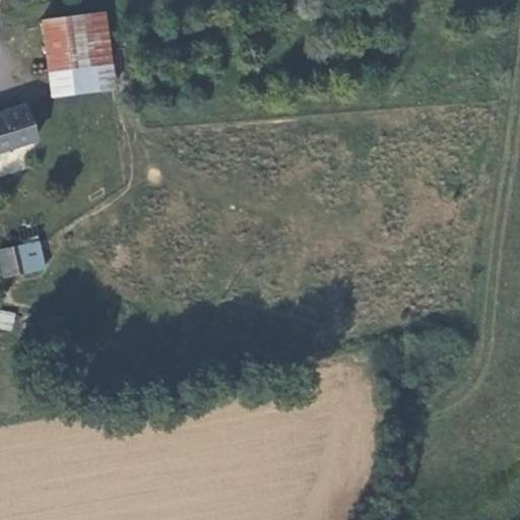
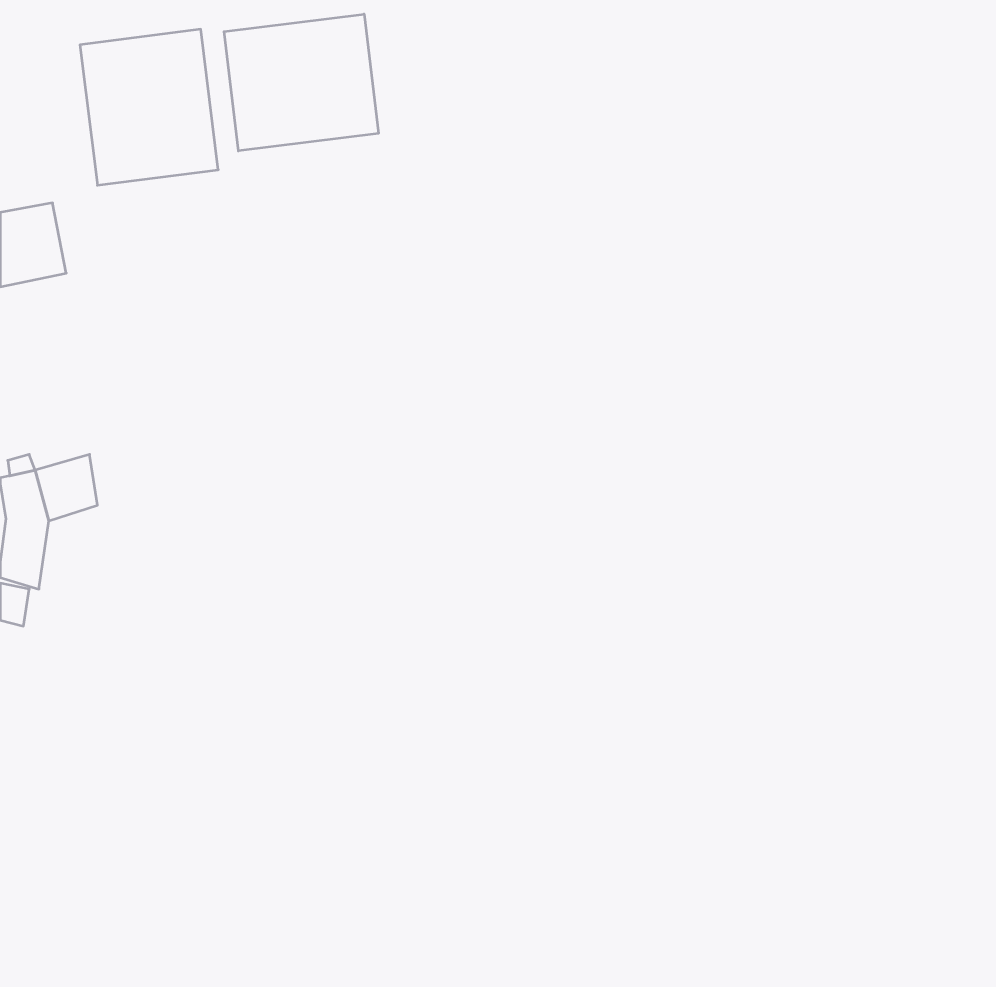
building: none -> [224,14,378,151]

